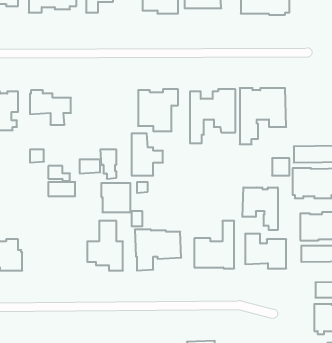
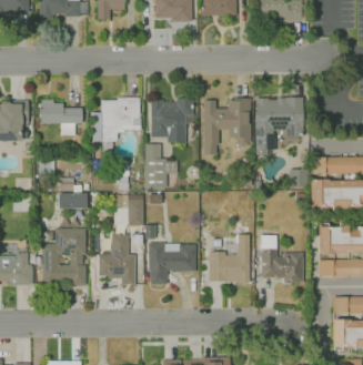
building: none -> [92,98,140,151]
building: [243,187,278,230] -> none
building: none -> [42,229,87,288]

